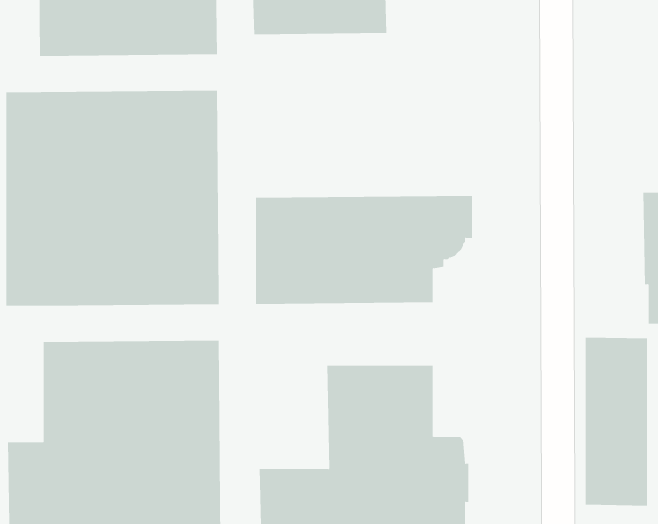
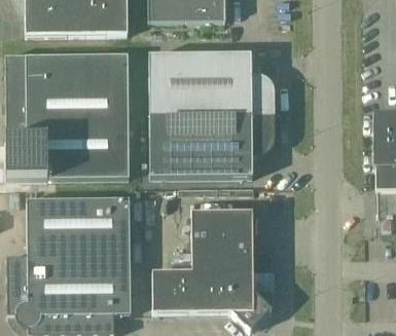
building: none -> [148,53,275,115]
building: [585,337,647,506] -> none

